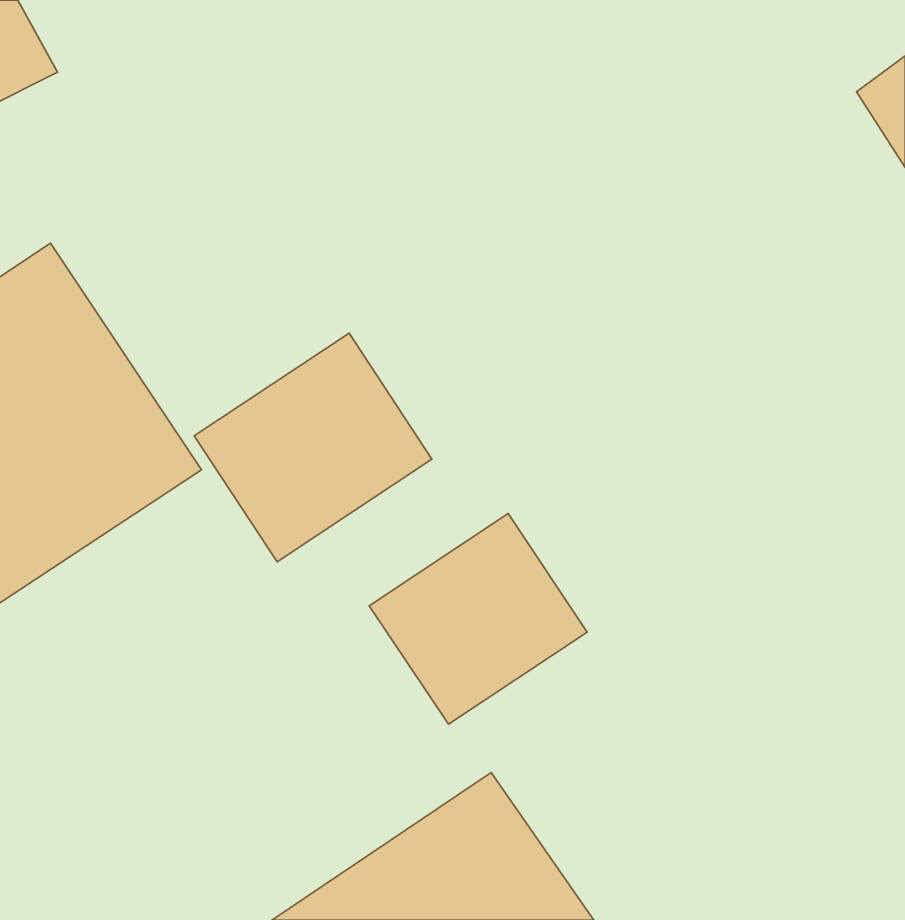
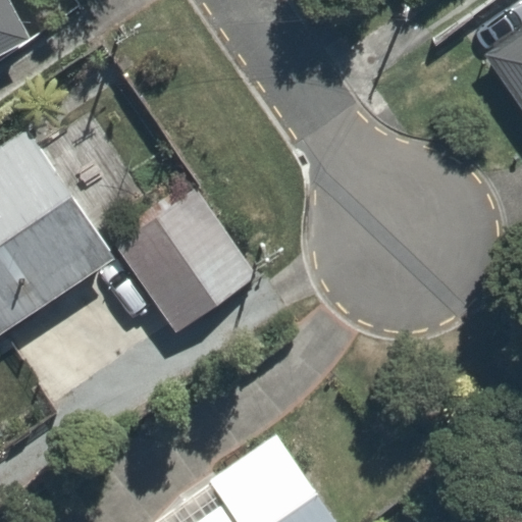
building: [369,514,587,724] -> none

